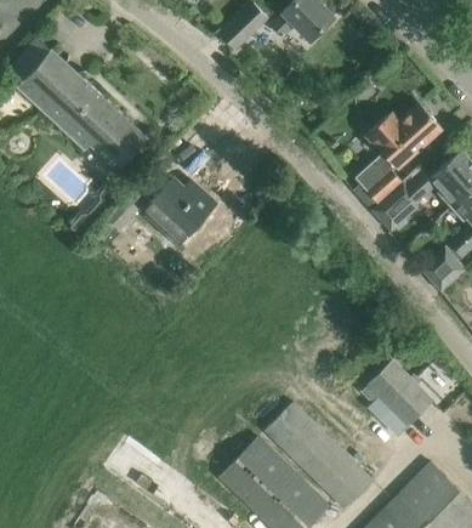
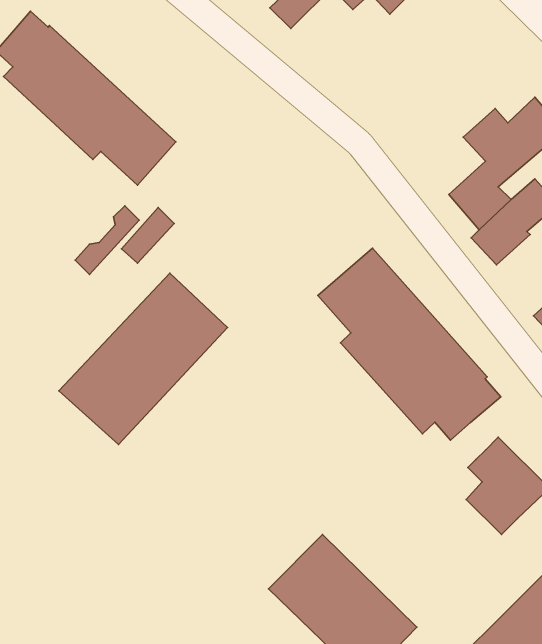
building: [143,178,215,243] -> none
building: none -> [318,248,501,440]
building: none -> [59,273,227,445]
building: [265,402,373,509] -> none

